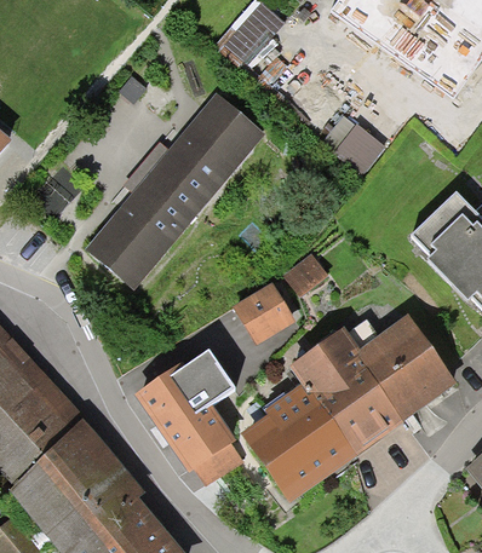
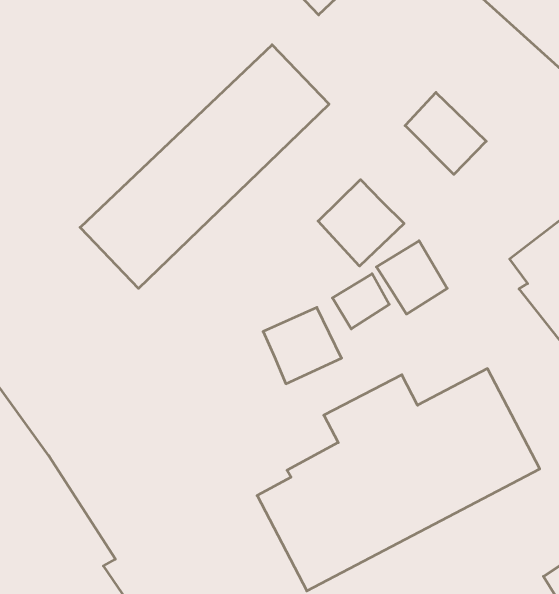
building: none -> [318,180,404,266]
building: none -> [376,241,447,314]
building: [137,353,240,485] -> none

